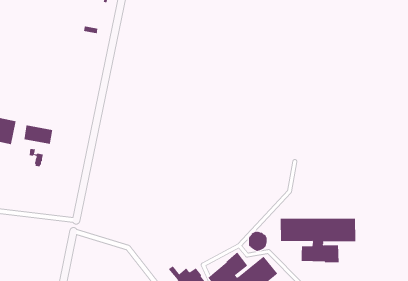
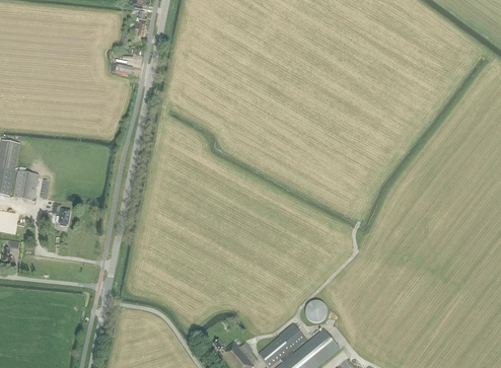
building: [24,125,53,145] -> none
building: [280,218,356,263] -> none

